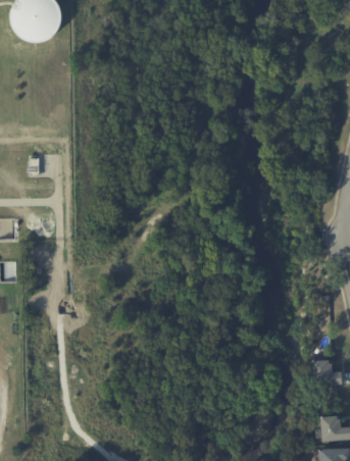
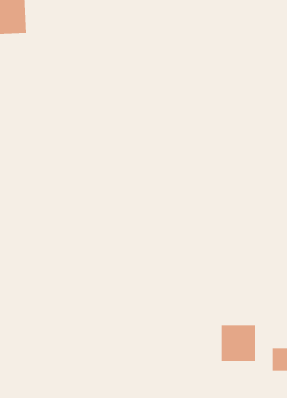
building: none -> [221,325,256,362]

